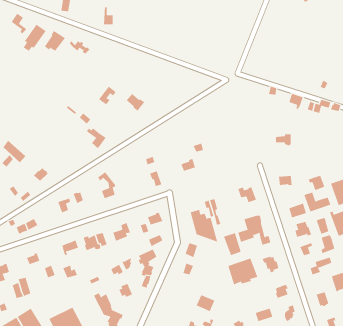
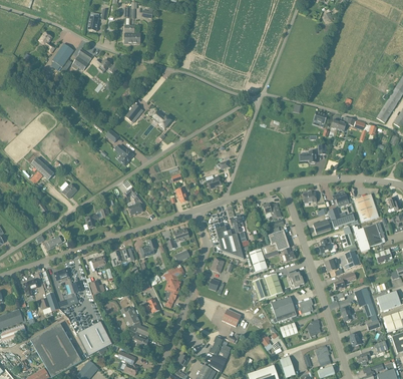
building: none -> [271,296,297,322]

